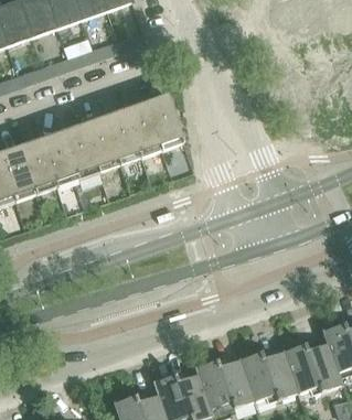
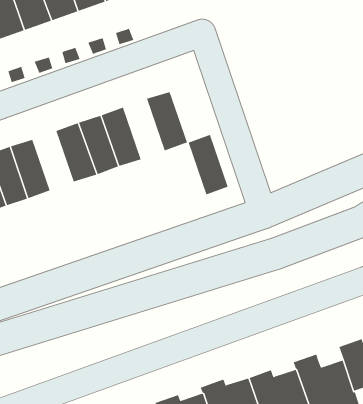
building: [124,100,161,157] -> [188,134,229,195]
building: [40,130,77,185] -> none

